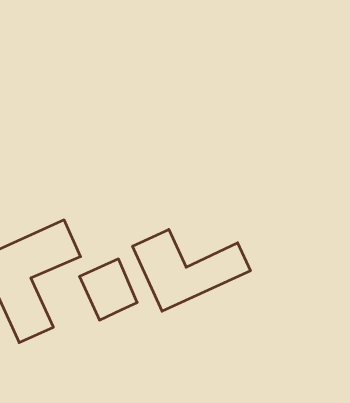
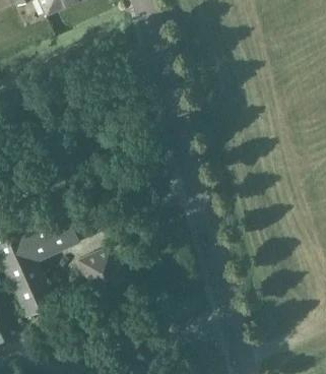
building: [133,229,250,311] -> none

